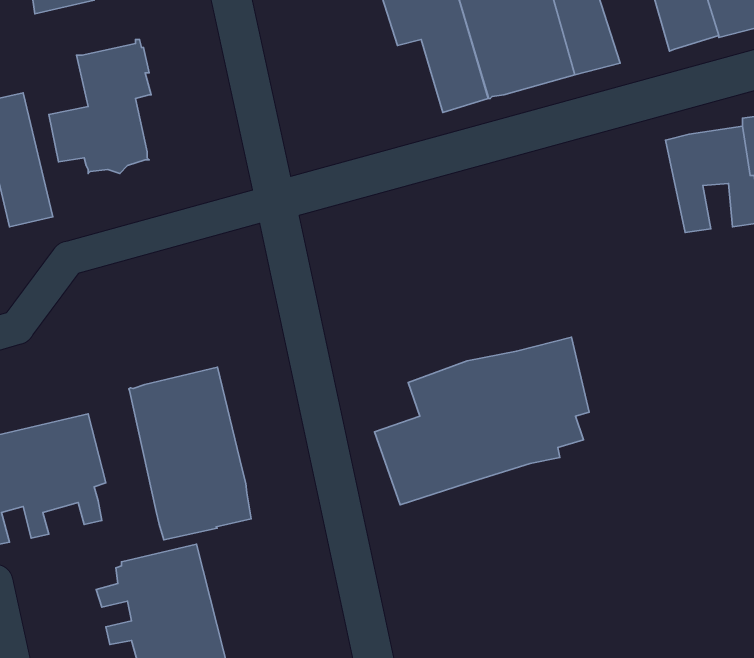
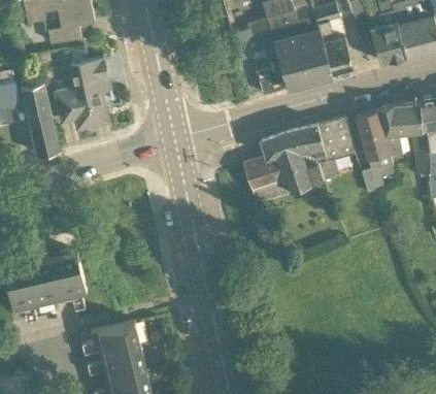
building: none -> [356,110,394,195]
building: [375,337,589,505] -> [242,116,355,203]
building: [129,367,251,540] -> none

